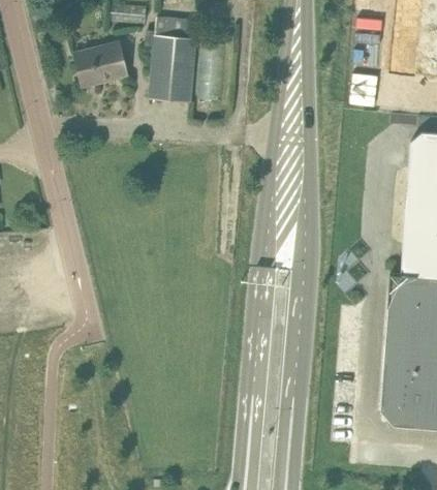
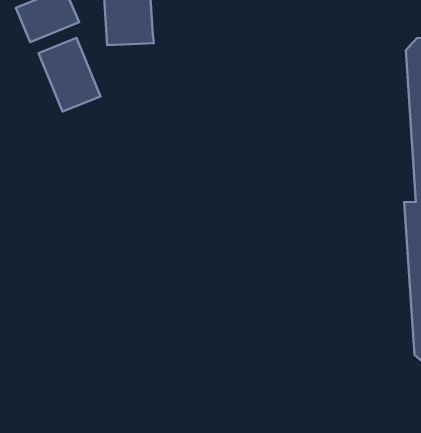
building: none -> [38,38,100,112]

